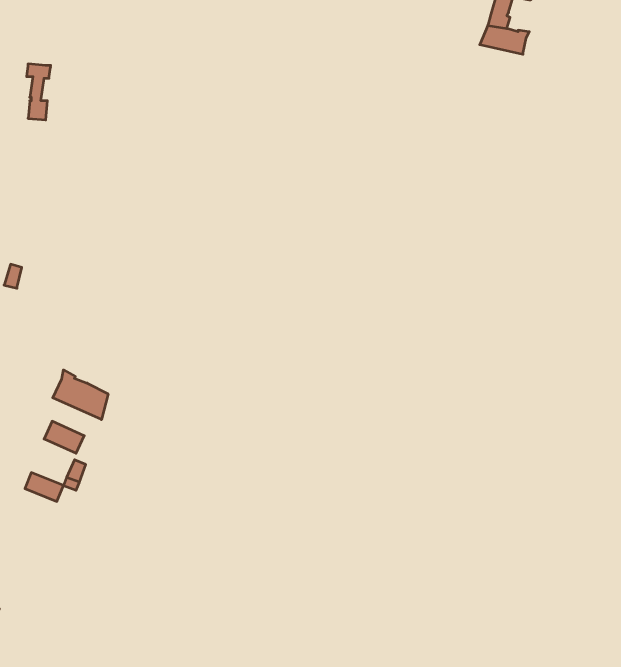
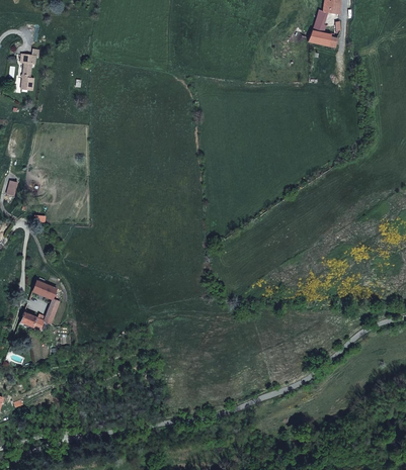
building: [53,370,108,420] -> none

